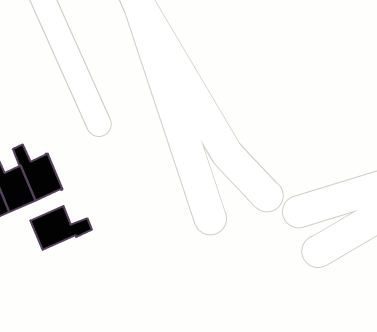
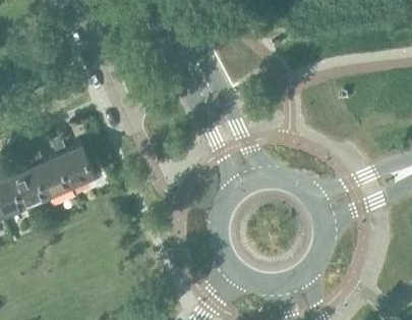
building: [30,206,92,250] -> none

